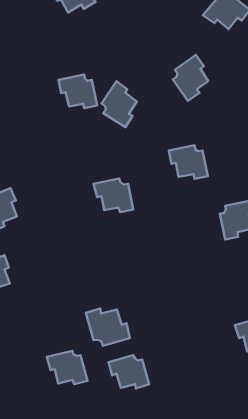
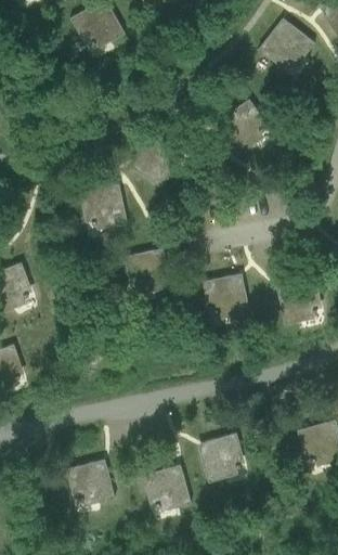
building: [58,75,97,108] -> [79,186,127,228]
building: [169,145,208,179] -> [202,275,249,317]
building: [86,308,130,346] -> none
building: none -> [199,433,240,482]

